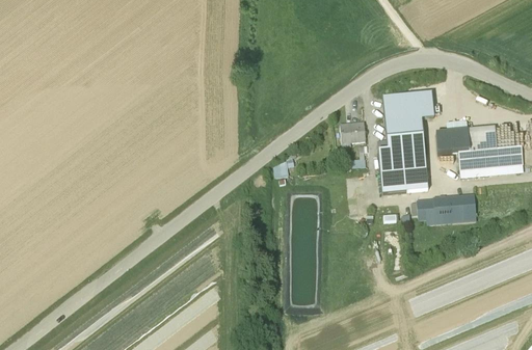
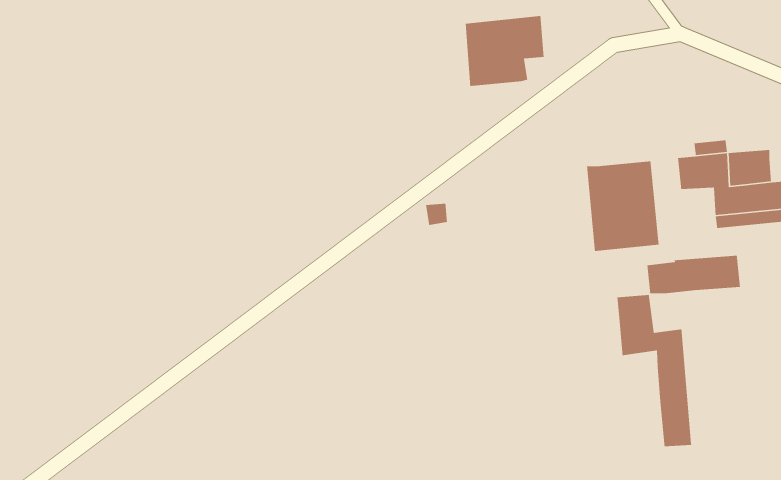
building: [383,91,434,137] -> [465,15,544,87]
building: [341,122,367,142] -> none
building: none -> [617,294,692,447]

